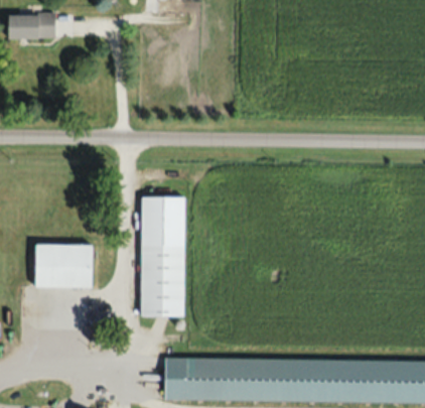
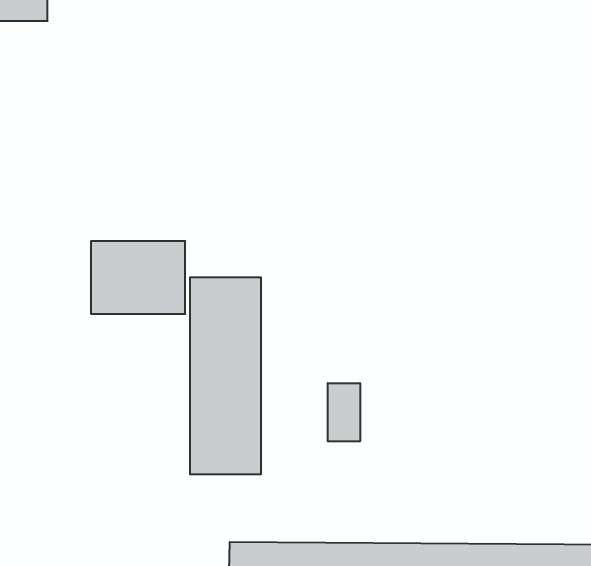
building: [35,244,93,288] -> [91,241,185,314]
building: none -> [328,383,360,441]

